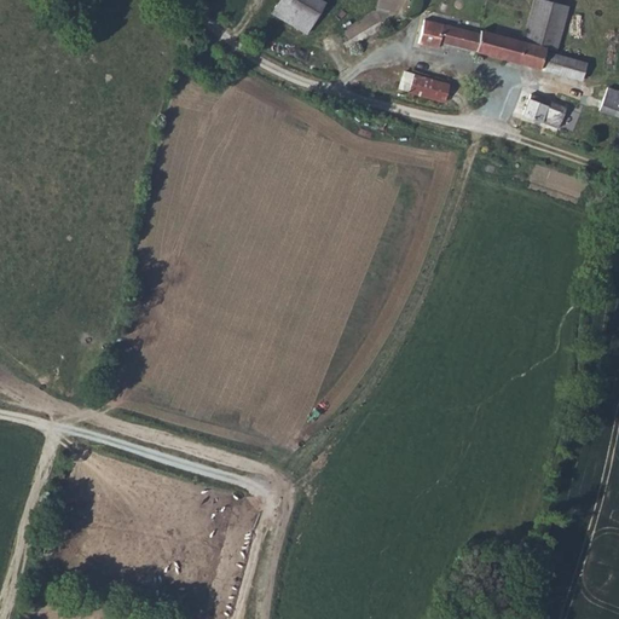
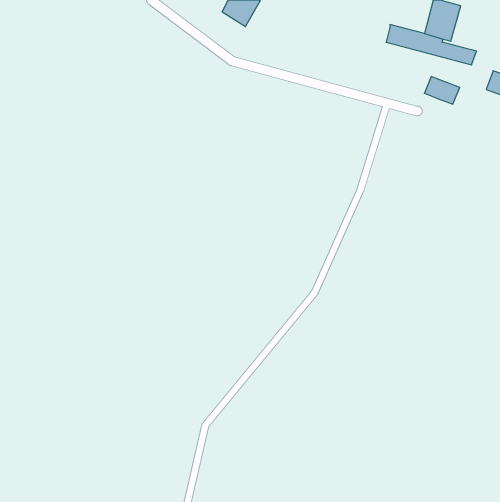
building: [421,19,482,52] -> none
building: [401,73,451,102] -> none

